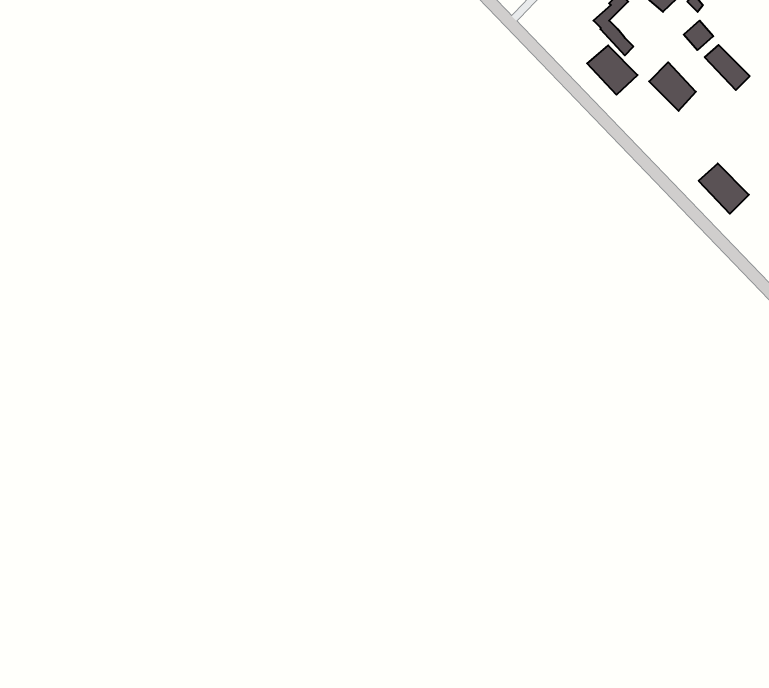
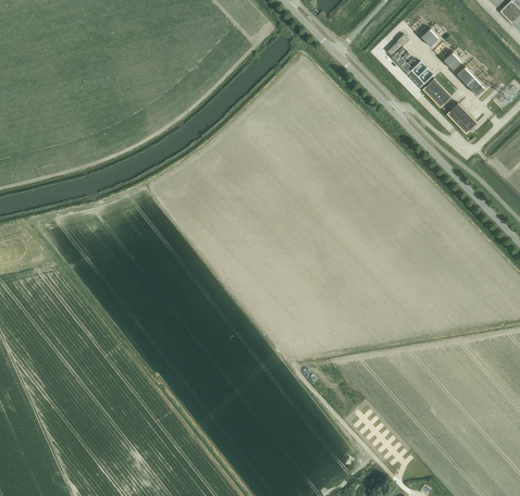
building: [587,45,638,95] -> none
building: [699,163,749,214] -> [446,102,478,134]

